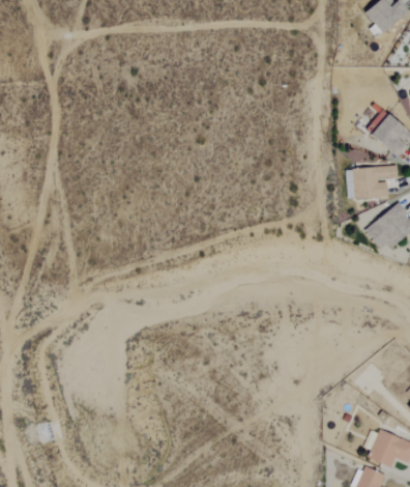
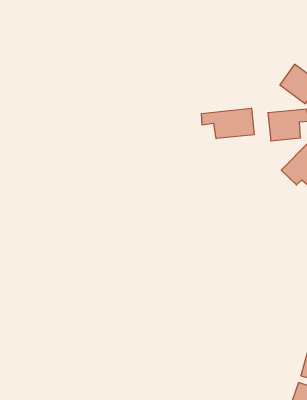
building: none -> [202,108,254,139]

